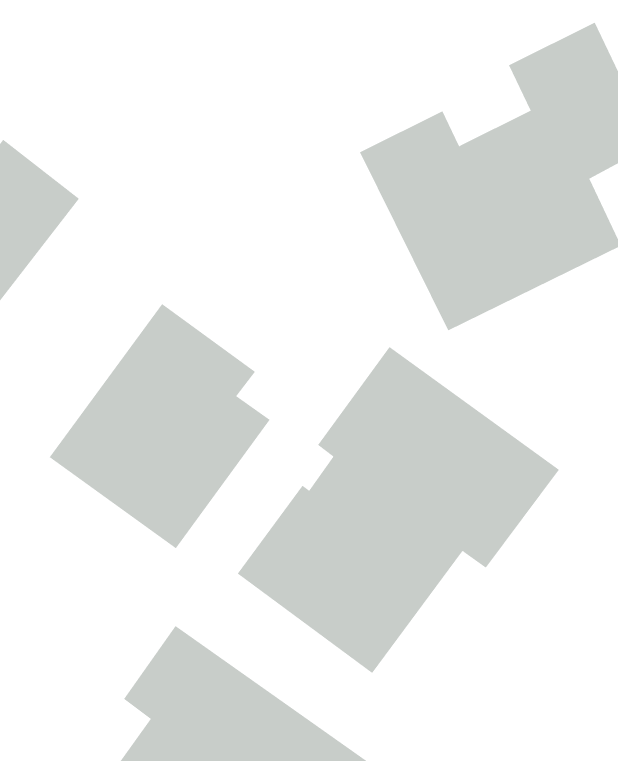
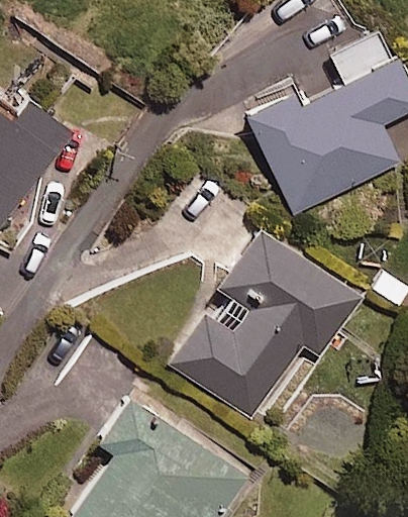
building: [49,303,271,549] -> none

